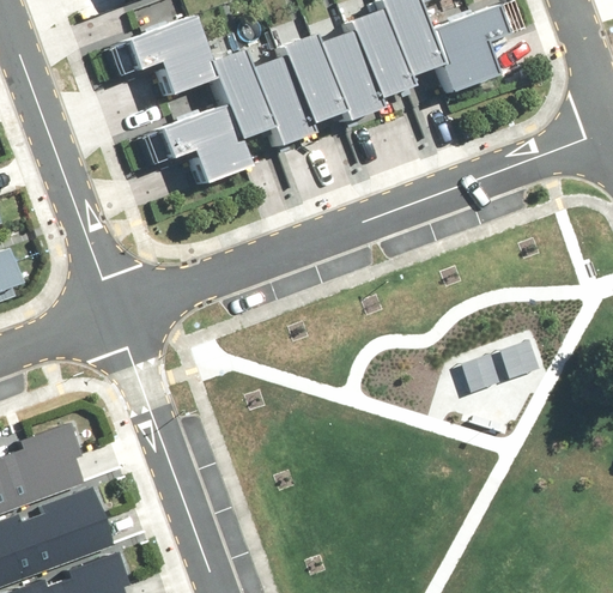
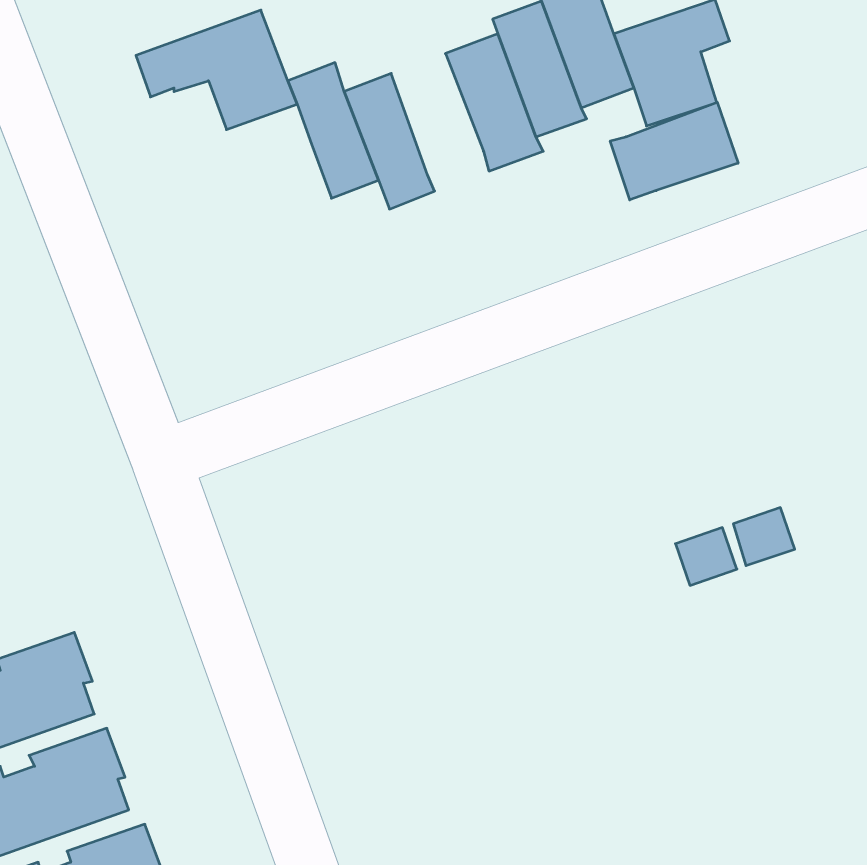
building: [275,36,340,125] -> none
building: none -> [610,102,738,200]
building: [144,104,249,183] -> none

